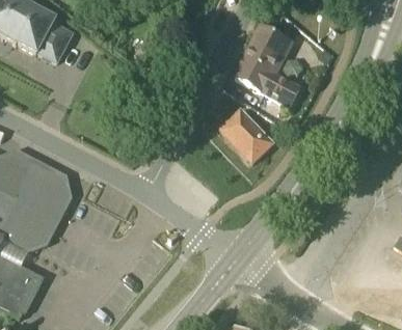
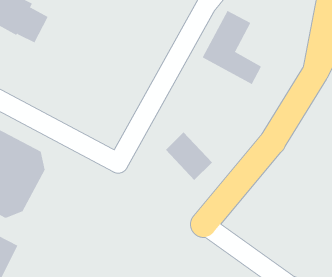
building: [221,109,272,162] -> [165,131,213,181]

